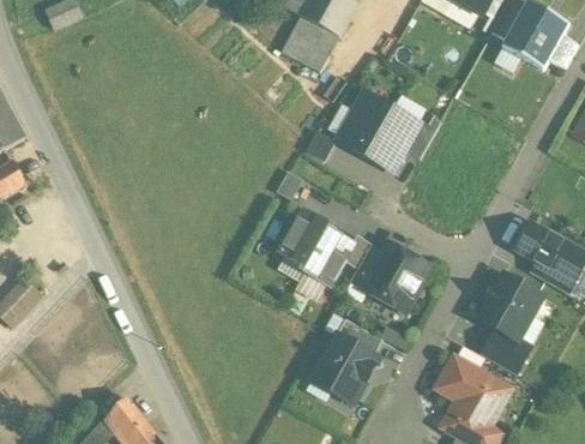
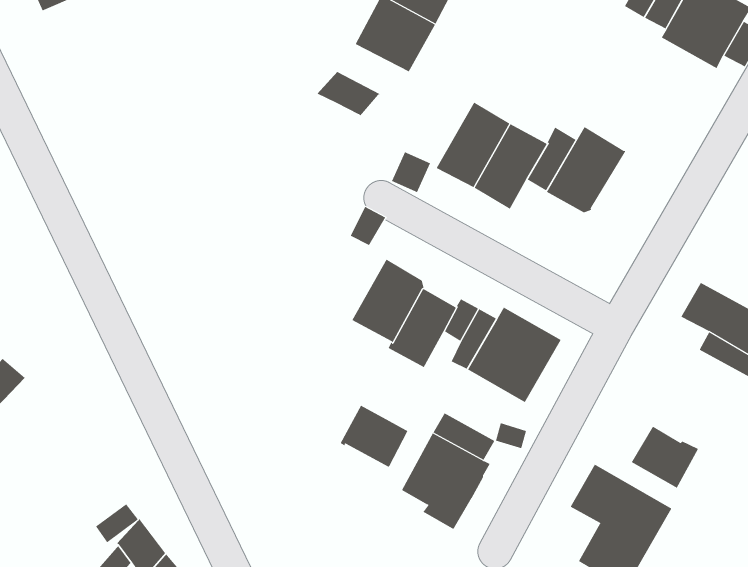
building: none -> [316,71,380,116]
building: none -> [546,126,626,213]
building: [478,274,542,341] -> none
building: none -> [340,405,409,467]

